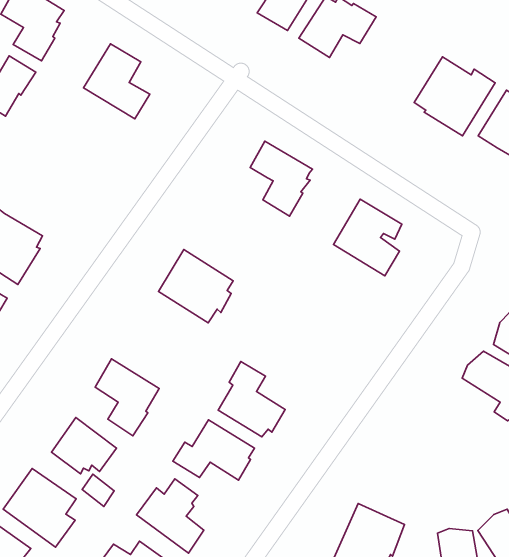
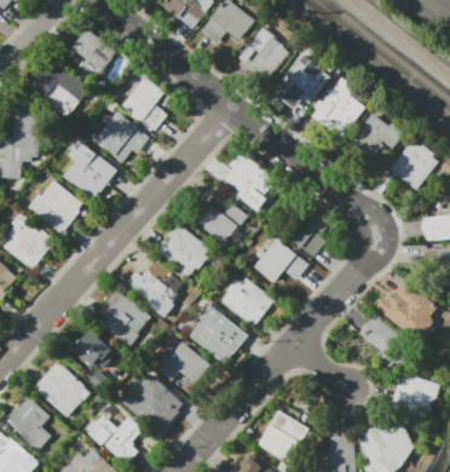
building: none -> [311,76,363,137]
building: none -> [96,110,149,160]
building: none -> [63,144,109,197]
building: none -> [194,201,248,242]
building: none -> [254,237,308,282]
building: none -> [133,259,181,309]
building: none -> [225,277,273,326]

